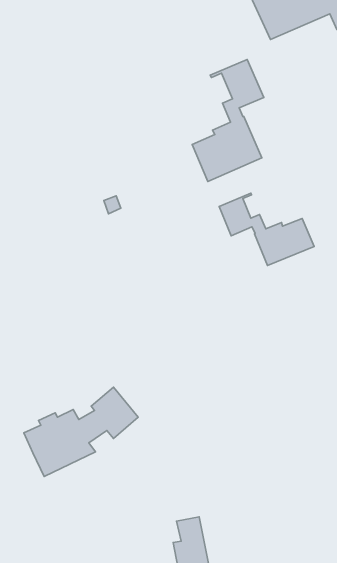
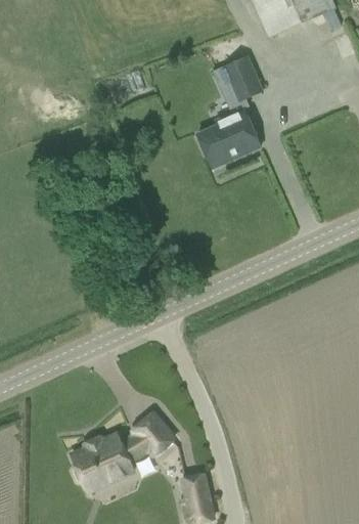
building: [219,193,314,266] -> none
building: [24,387,138,476] -> [72,411,176,493]

